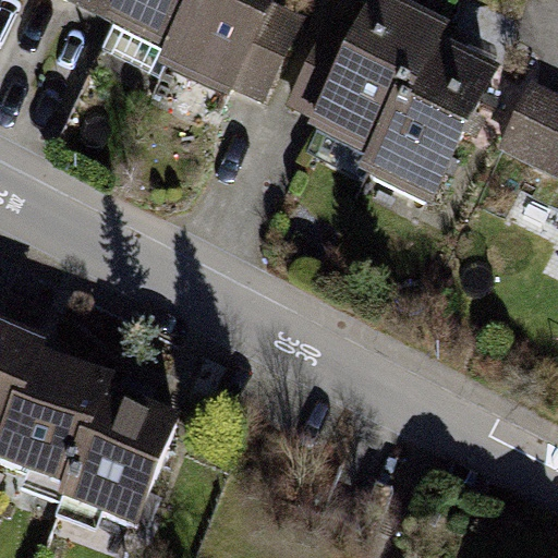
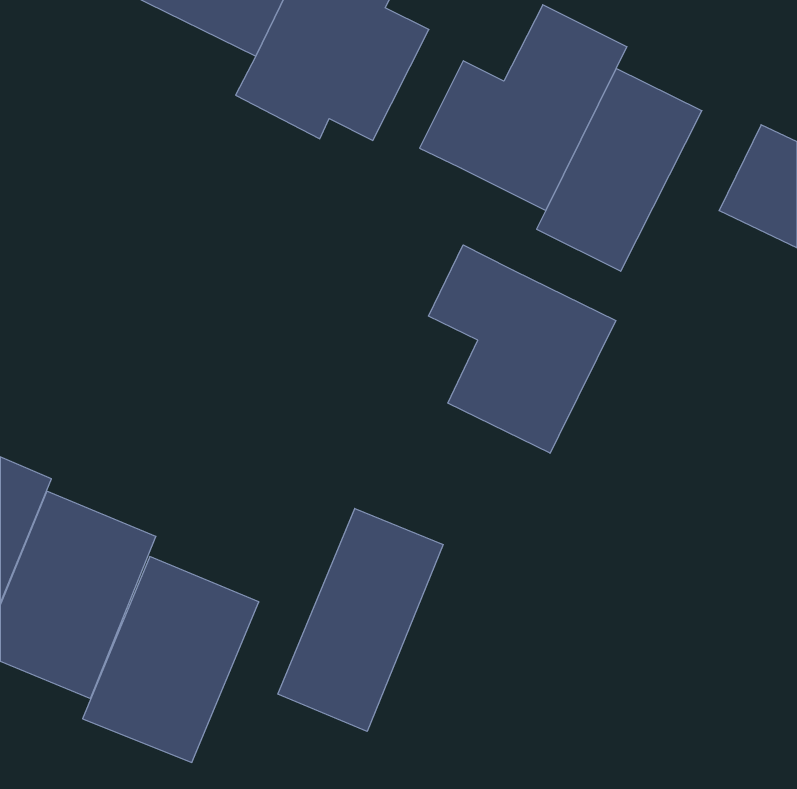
building: none -> [429,245,616,453]
building: none -> [278,508,443,731]

